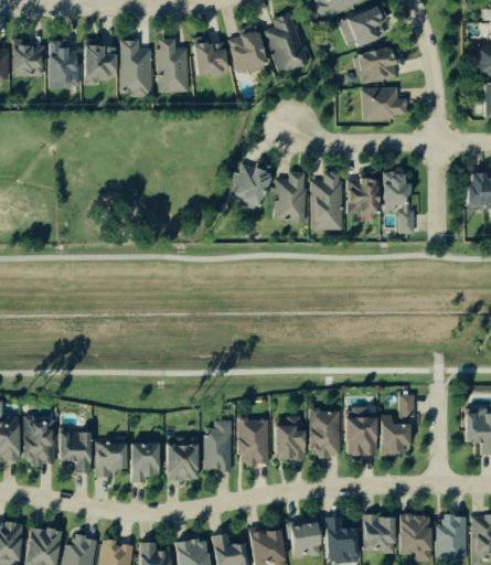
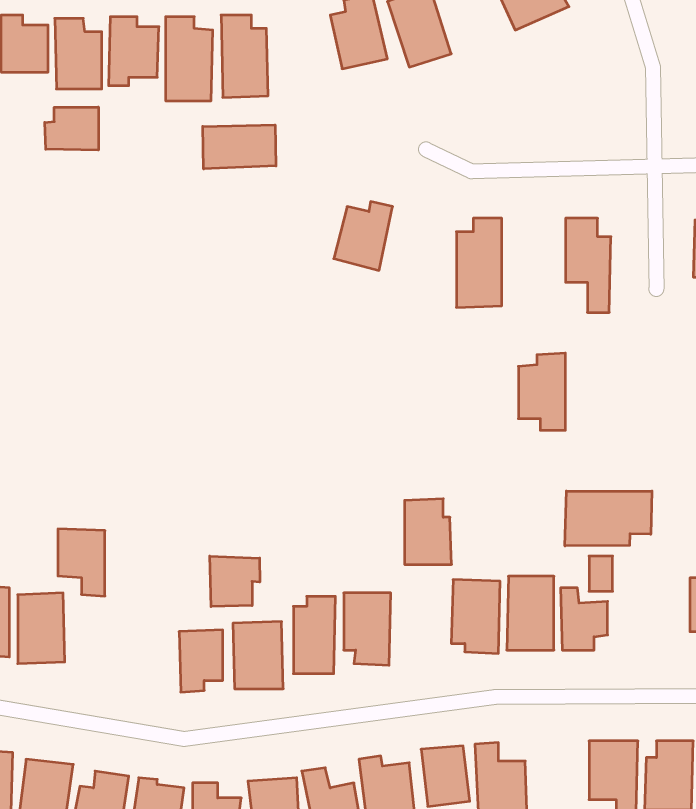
building: [191,35,227,76] -> none
building: [355,47,402,83] -> none
building: [361,87,406,119] -> none
building: none -> [45,107,98,150]
building: none -> [203,125,276,169]
building: [346,171,377,222] -> [518,353,565,430]
building: [275,172,306,222] -> none
building: none -> [565,491,652,546]
building: none -> [210,556,260,607]
building: [274,417,305,460] -> [405,499,452,564]
building: [58,430,89,475] -> [58,529,105,596]
building: [95,444,125,478] -> none
building: [363,515,394,552] -> none

